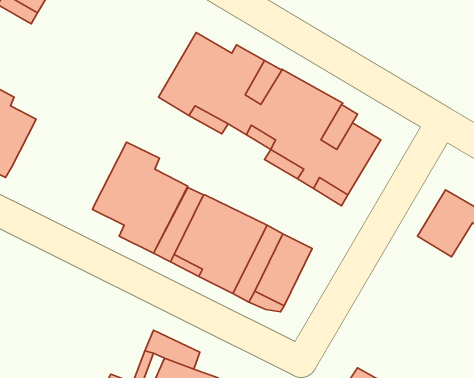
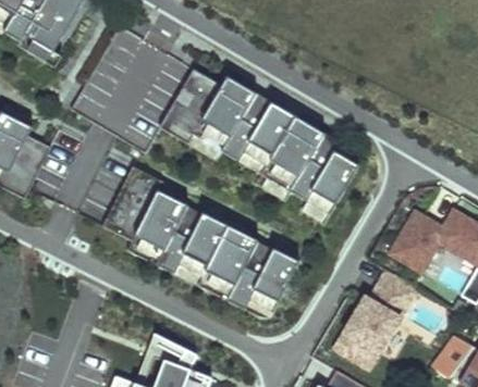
building: none -> [335,270,416,372]

